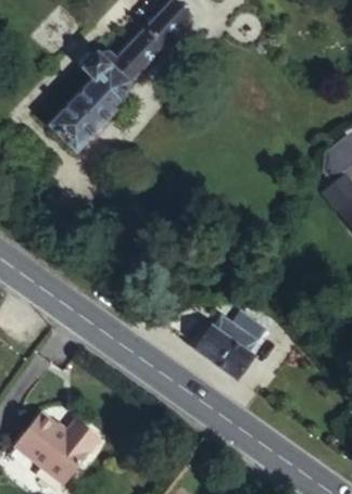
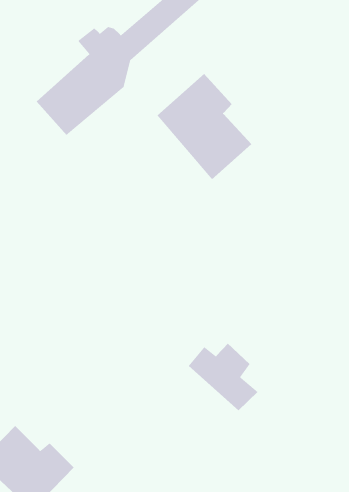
building: none -> [156,73,252,180]

